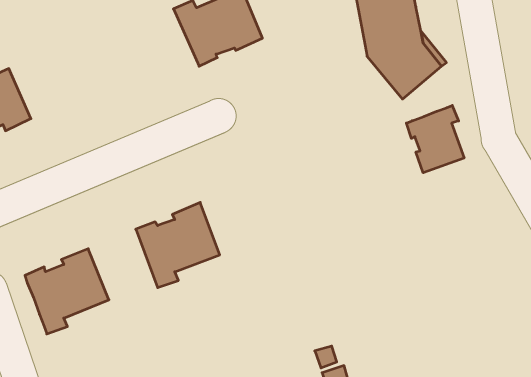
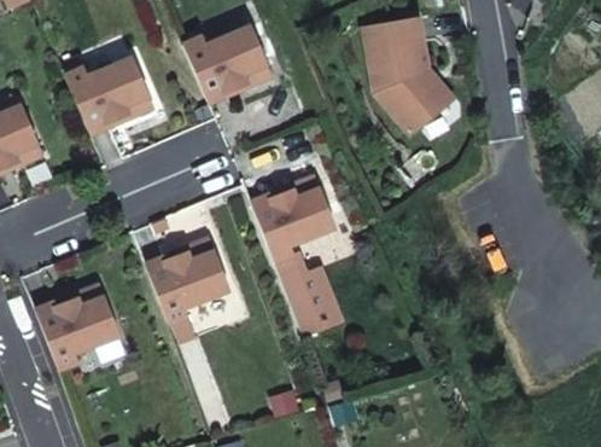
building: none -> [65,58,153,134]
building: [406,105,464,173] -> none
building: none -> [251,176,343,336]

